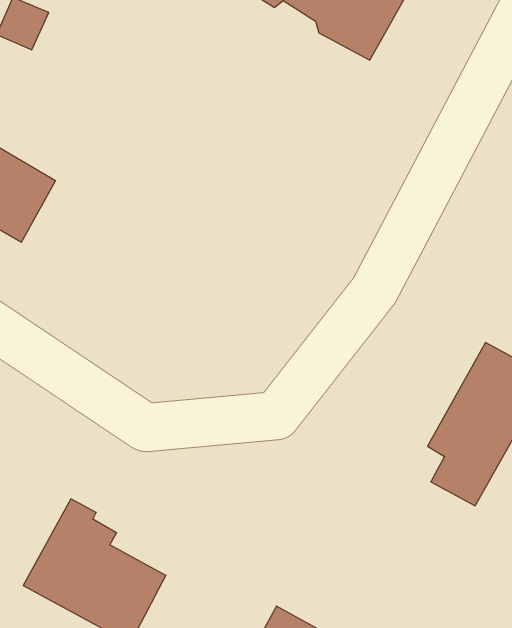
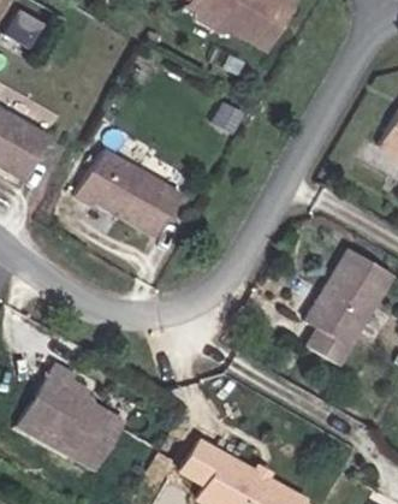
building: none -> [77,149,183,237]

